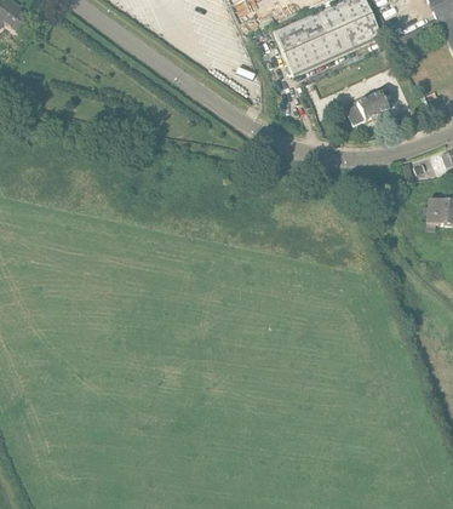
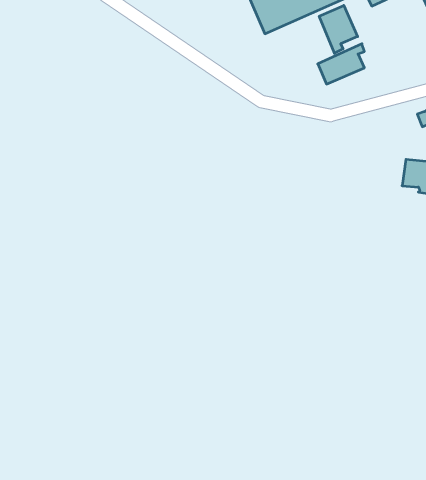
building: none -> [319,5,358,53]

